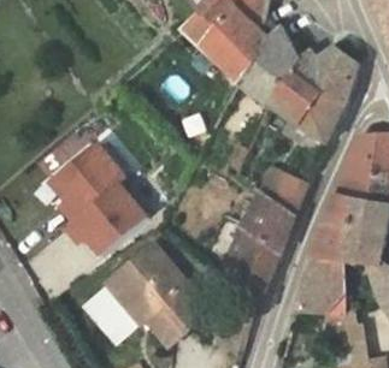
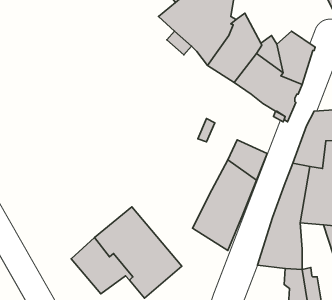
building: [47,141,146,255] -> none

